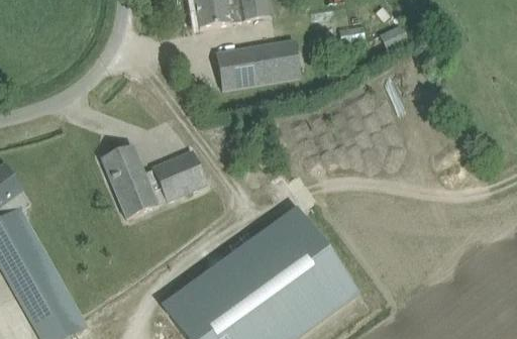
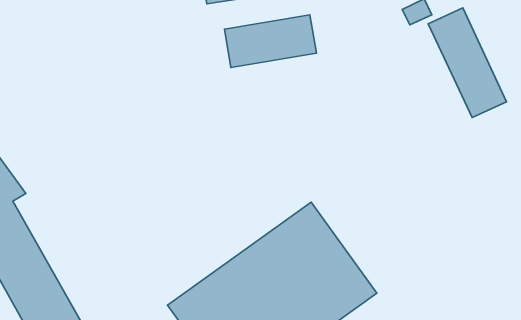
building: none -> [428,8,507,118]
building: [101,144,205,217] -> none

